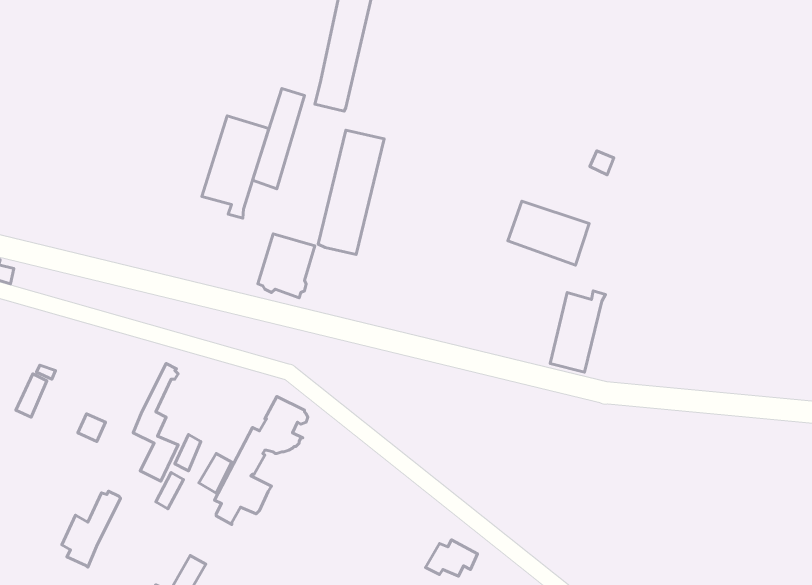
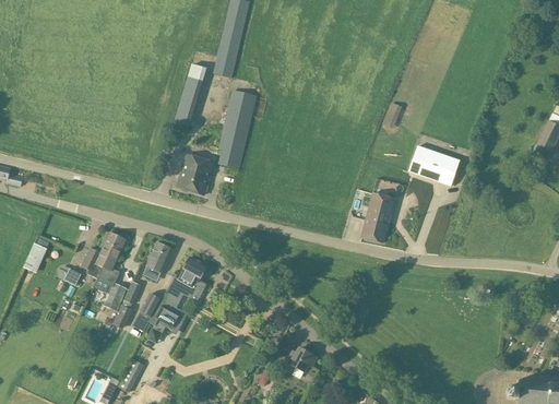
building: [202,116,269,218] -> none
building: [508,201,589,265] -> [408,145,460,186]
building: none -> [146,242,173,273]
building: [62,491,121,567] -> [82,233,119,281]

